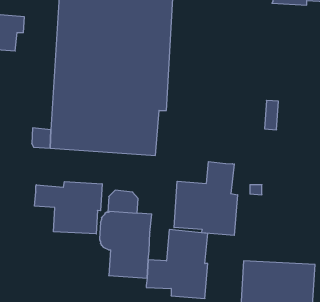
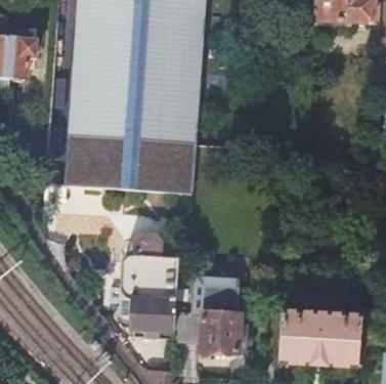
building: [174,162,238,235] -> none
building: [35,182,102,234] -> none

